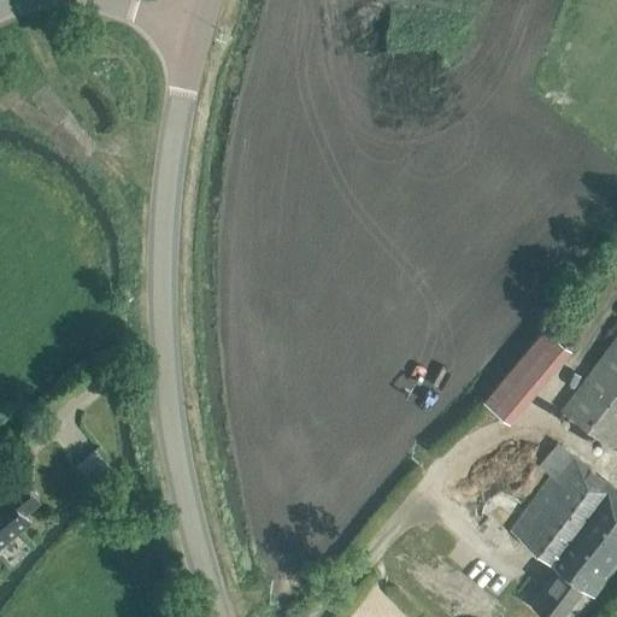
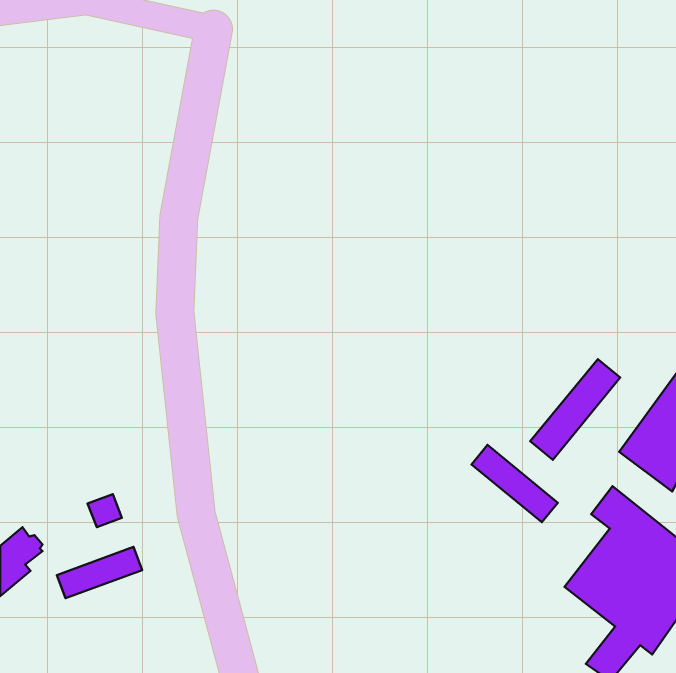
building: none -> [471,445,558,522]
building: none -> [57,547,142,598]

